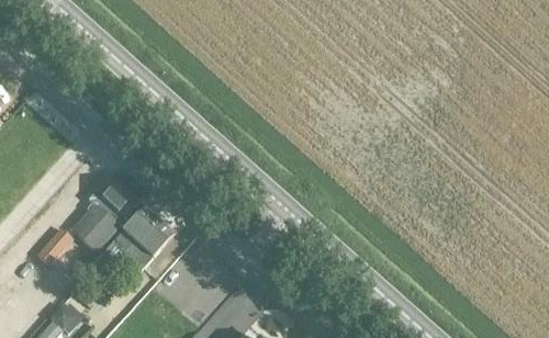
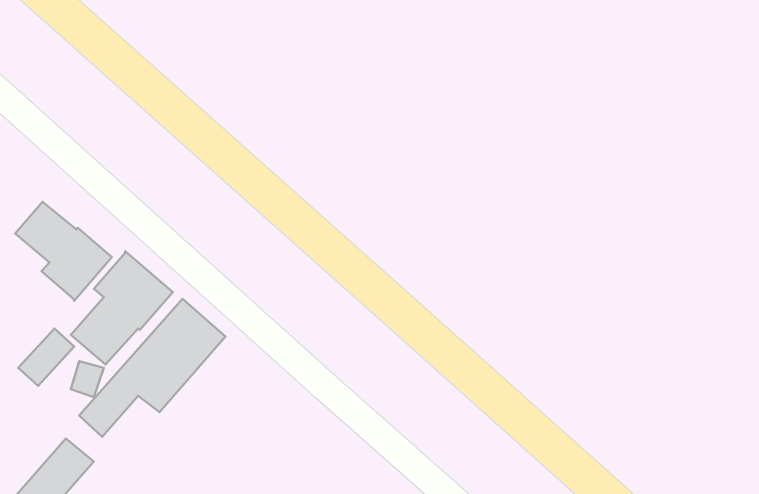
building: none -> [15,202,112,301]

